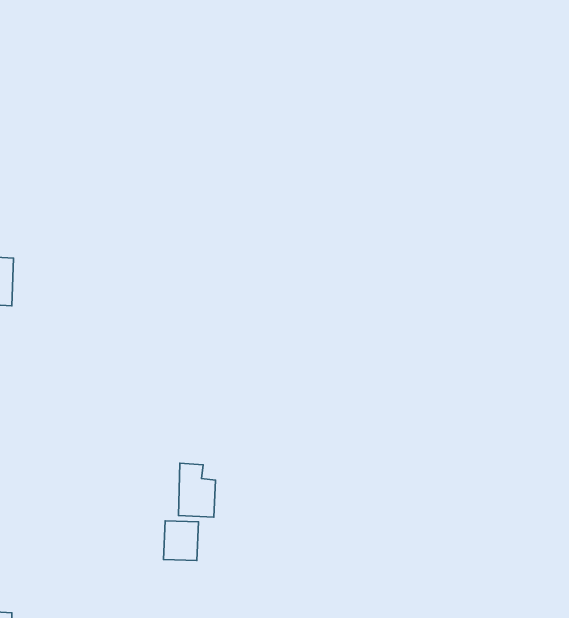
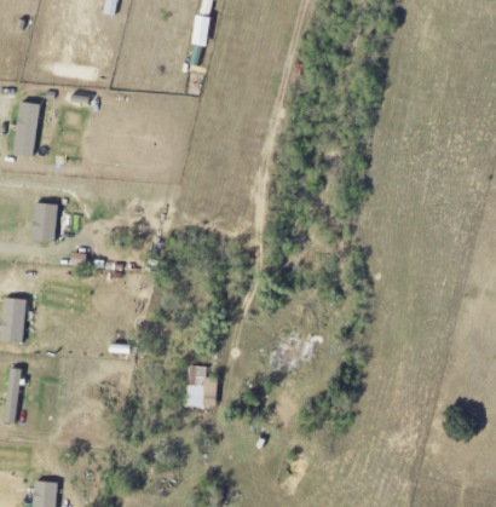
building: [164,521,198,560] -> none

